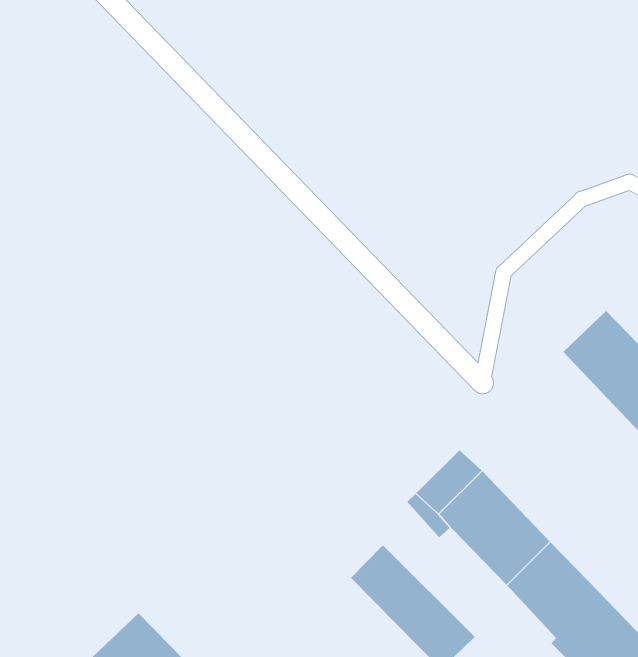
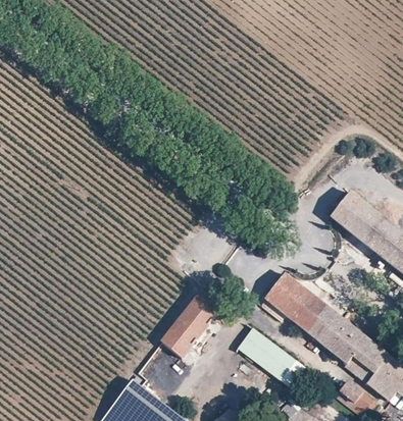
building: none -> [162,285,223,357]

